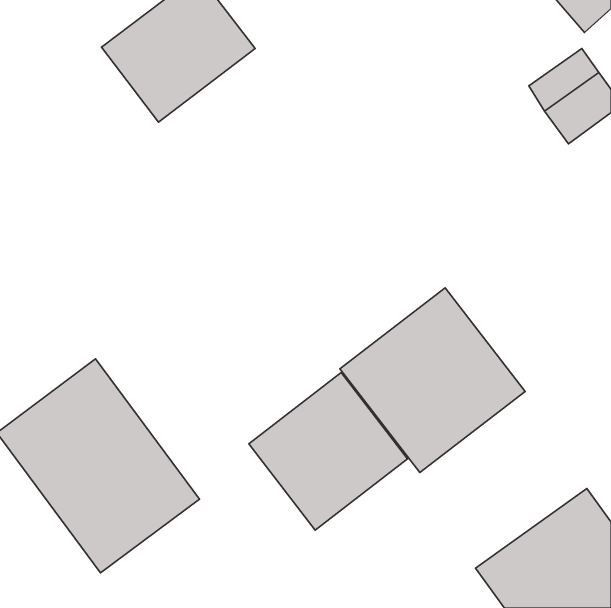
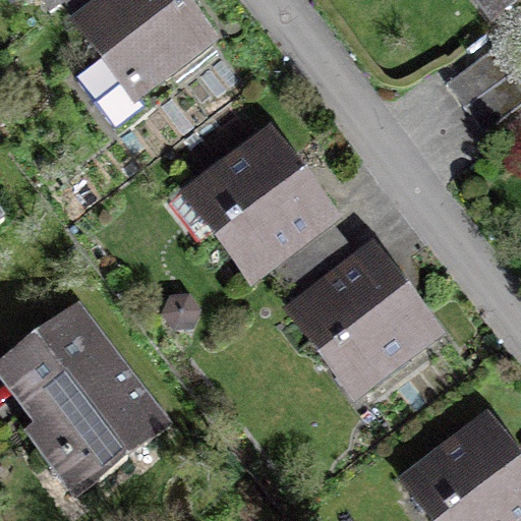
building: none -> [177,122,340,283]
building: [249,373,408,530] -> none

